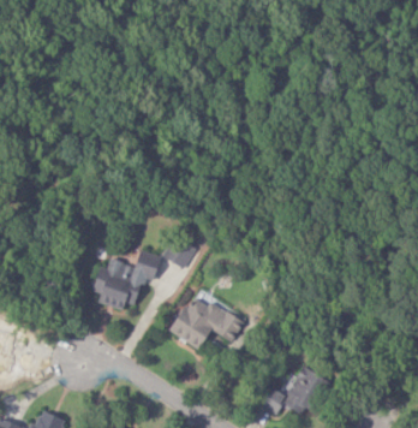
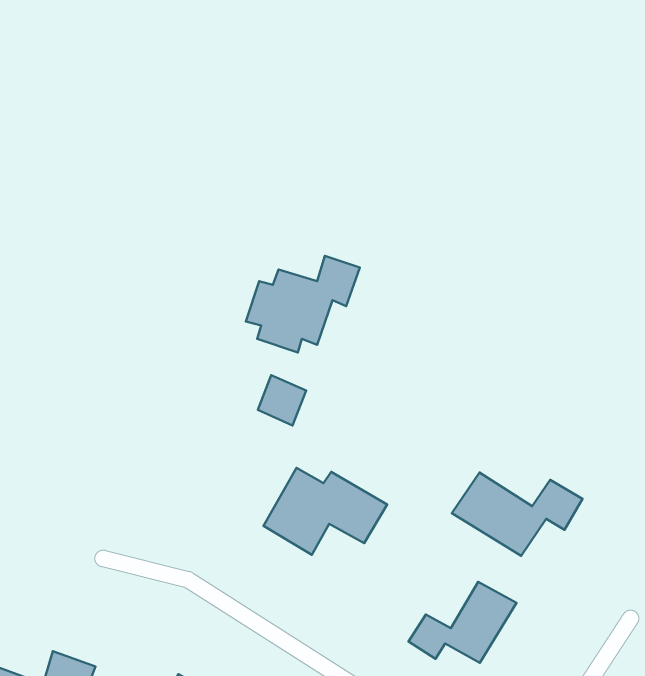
building: [90,249,161,309] -> [246,256,360,352]
building: none -> [452,472,582,556]

